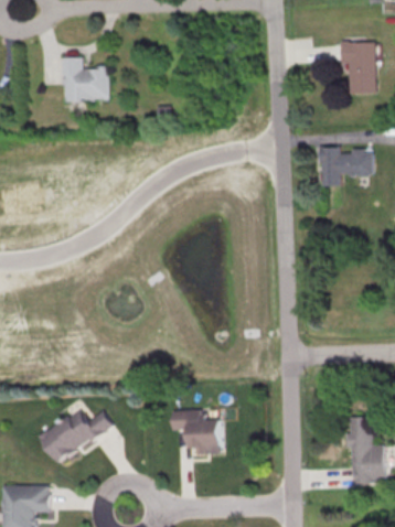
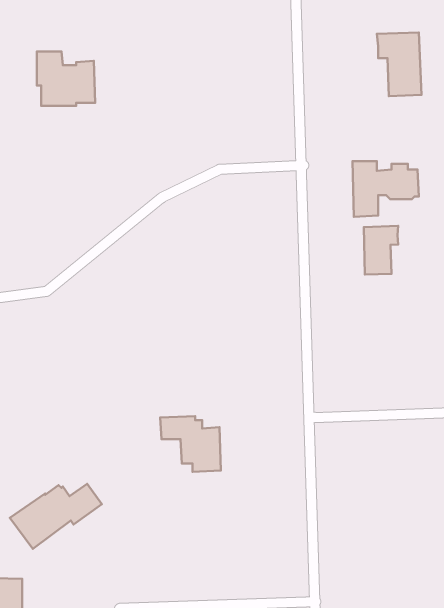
building: none -> [364,226,398,274]
building: [172,409,222,454] -> [160,416,221,472]
building: [344,417,383,483] -> none

